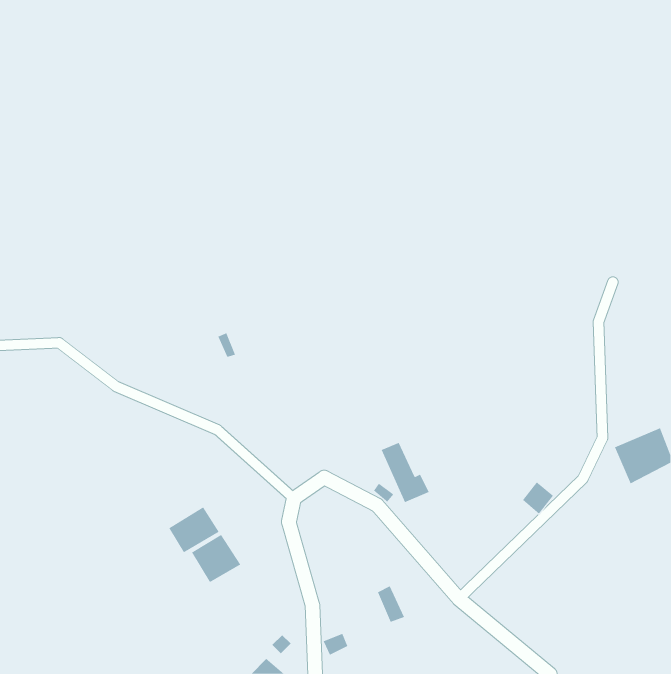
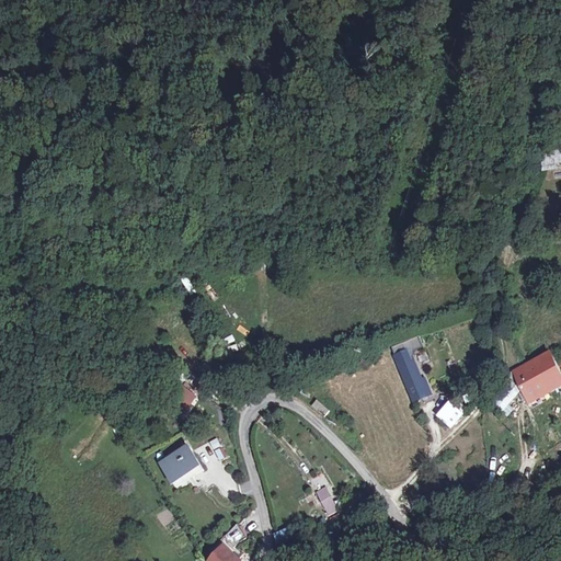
building: [381,442,430,503] -> [396,348,436,399]
building: [168,507,220,553] -> none

